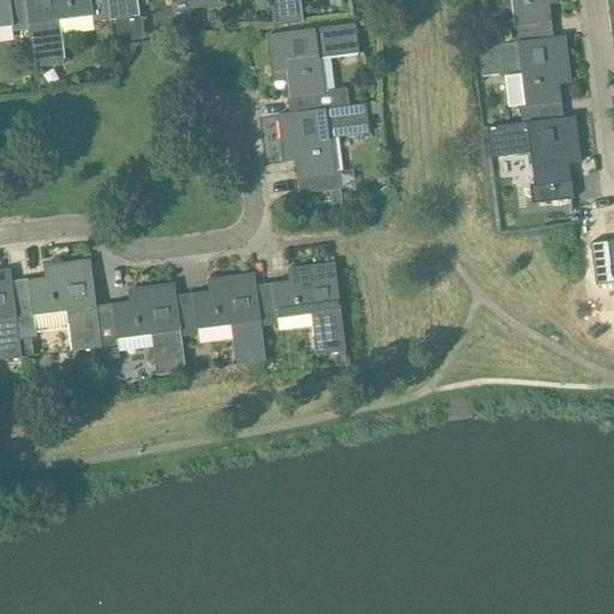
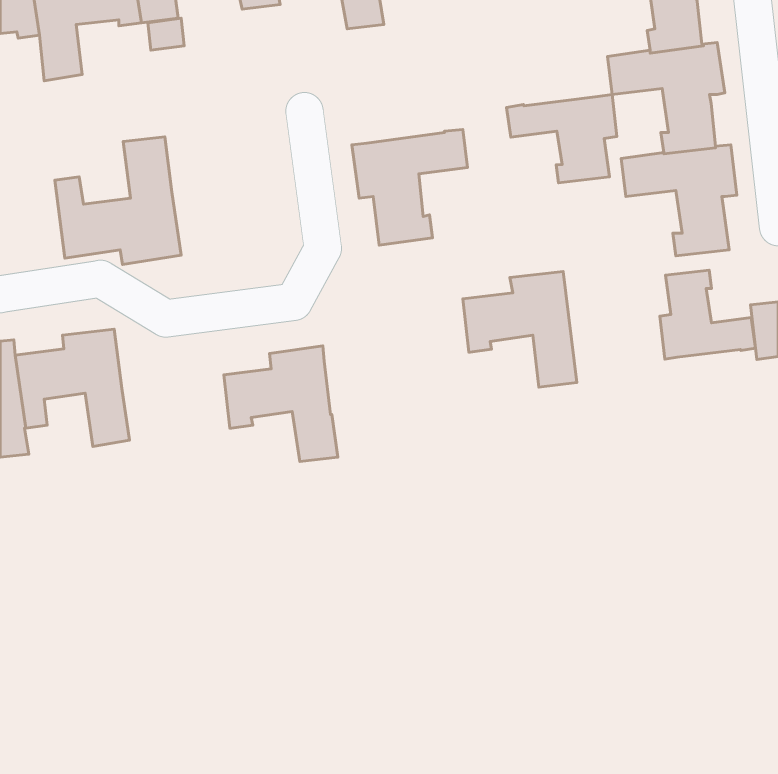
building: [267,23,359,113] -> none
building: none -> [506,94,617,183]
building: none -> [55,137,181,264]
building: none -> [660,270,755,359]
building: [255,263,345,354] -> [463,271,577,387]
building: [96,283,186,374] -> none

